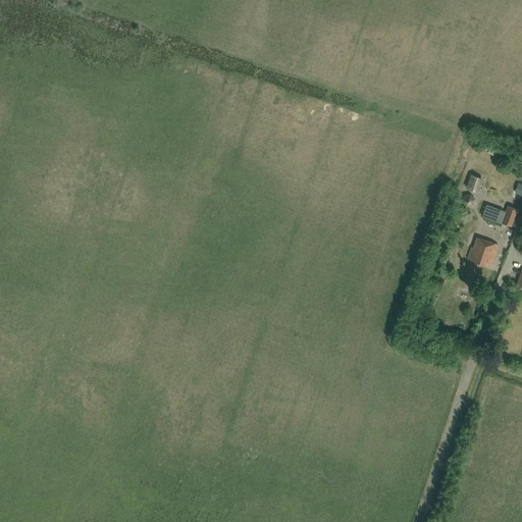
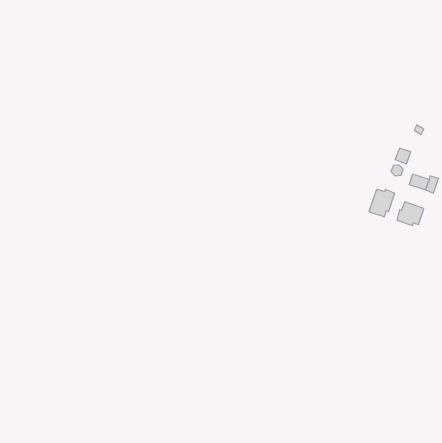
building: none -> [370,189,395,217]

